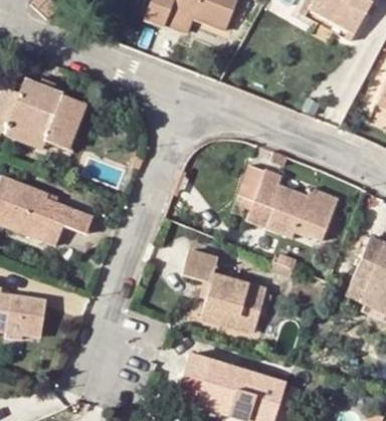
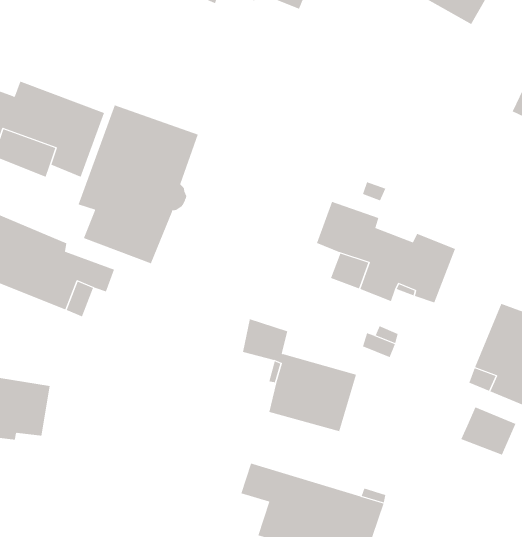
building: none -> [78,104,198,264]
building: none -> [460,406,516,455]

